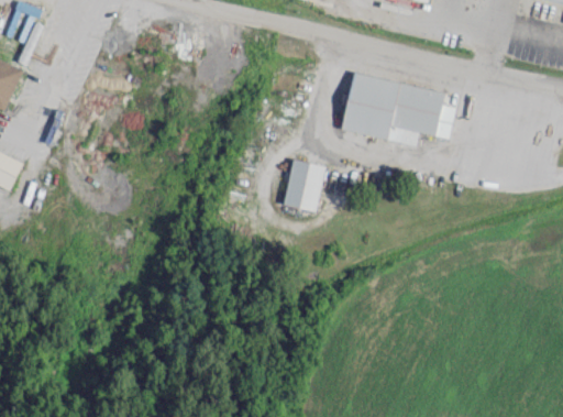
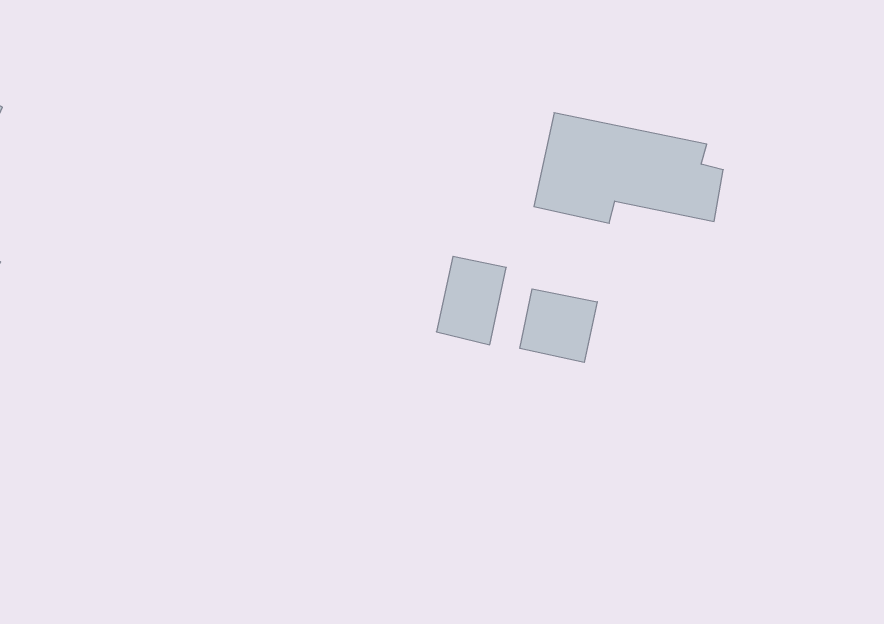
building: none -> [520,289,597,362]

